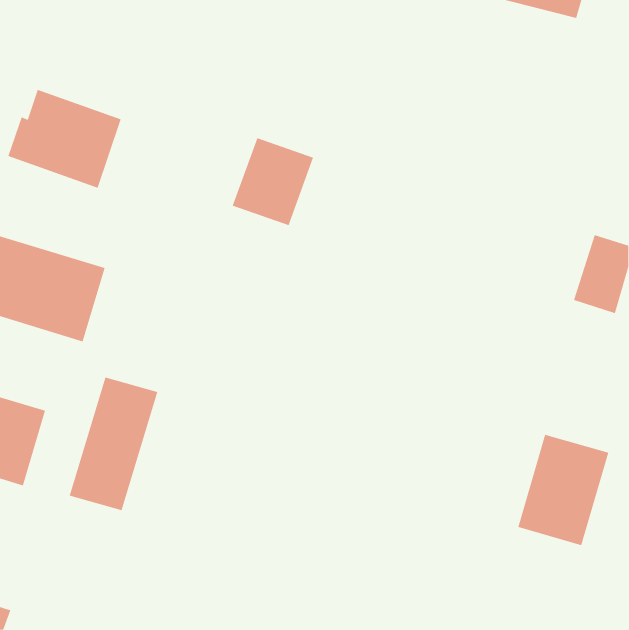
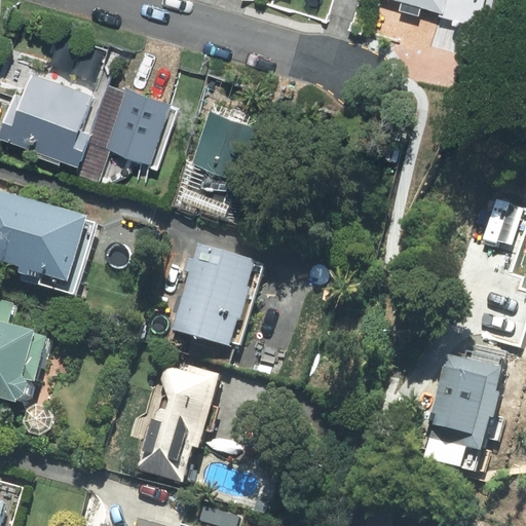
building: none -> [107,86,164,157]
building: none -> [178,248,250,343]
building: [69,377,158,511] -> [138,371,212,482]

